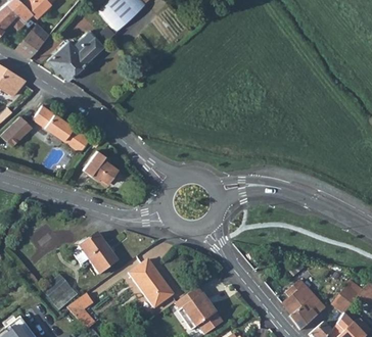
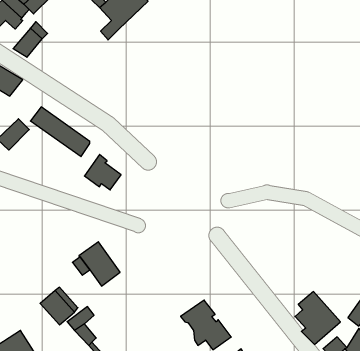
building: [47,31,101,79] -> none
building: [129,258,173,307] -> none

